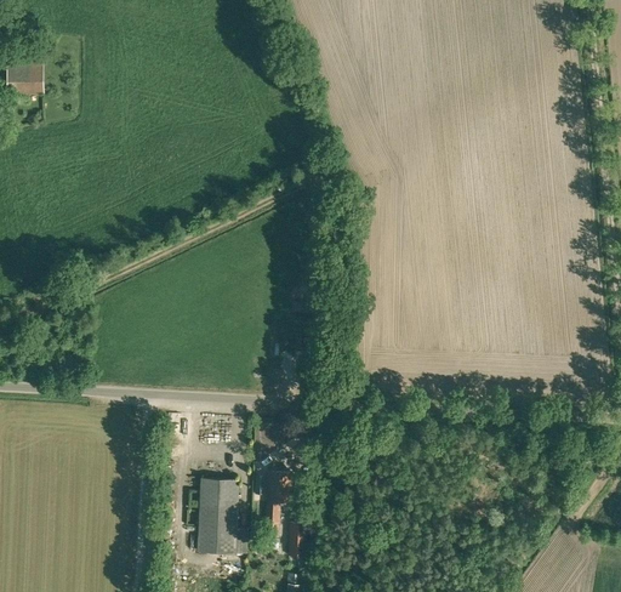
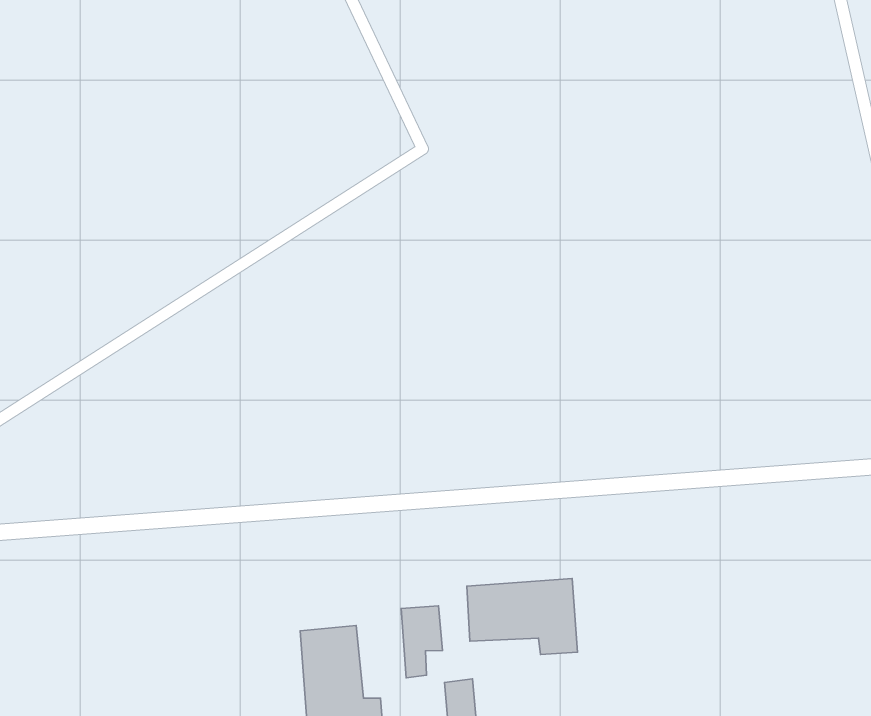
building: none -> [467,578,577,655]

